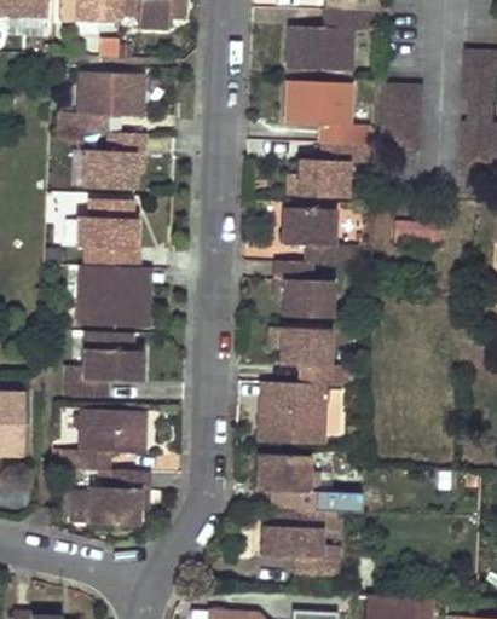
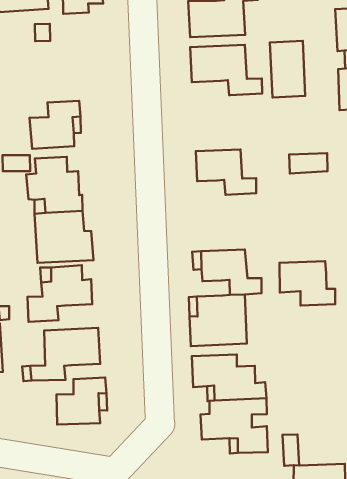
building: [58,73,143,133] -> none
building: [296,143,368,197] -> none
building: [272,261,333,317] -> none
building: none -> [280,261,335,306]

